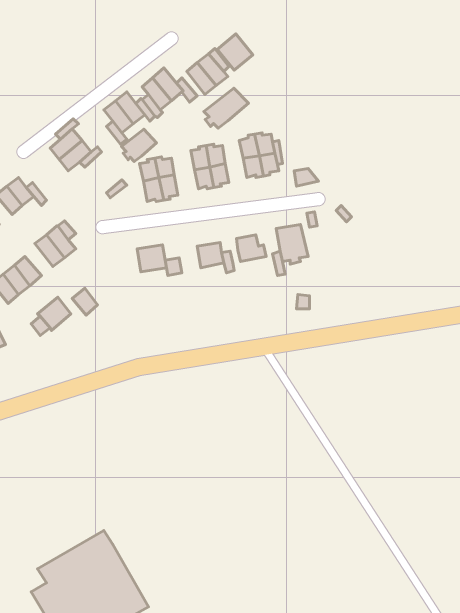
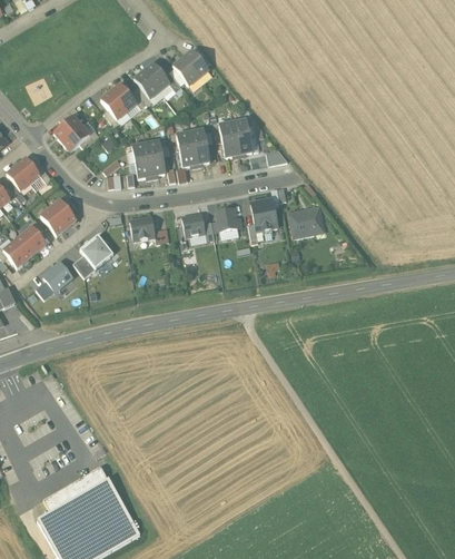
building: [217,34,253,70] -> none
building: [204,88,248,128] -> none
building: [121,129,156,162] -> none
building: none -> [289,206,323,237]
building: none -> [81,234,115,268]

